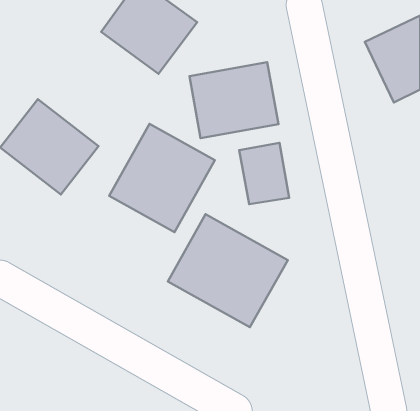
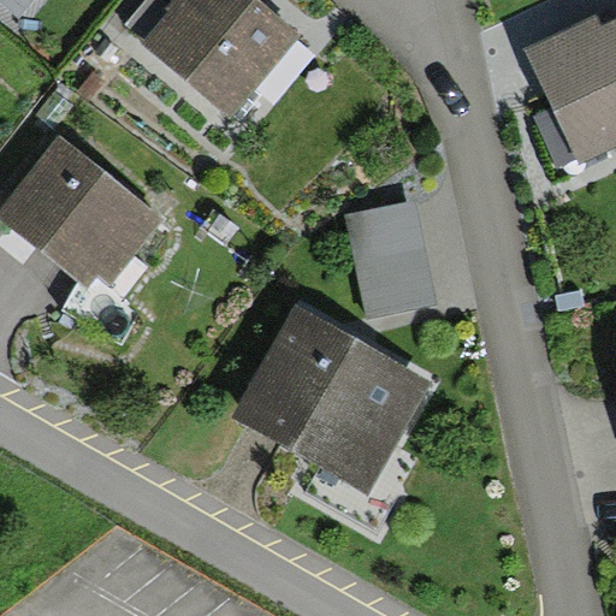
building: [189,62,278,138] -> none
building: [109,124,215,232] -> none

